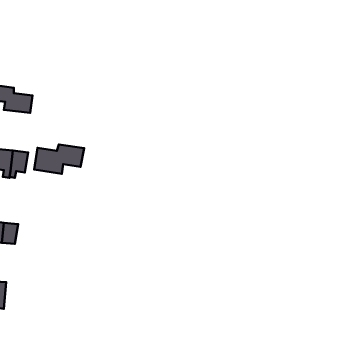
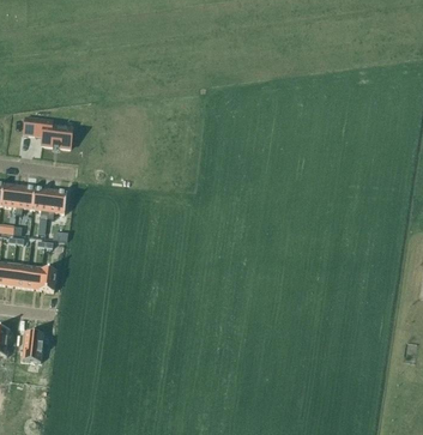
building: [34,144,84,174] -> none

